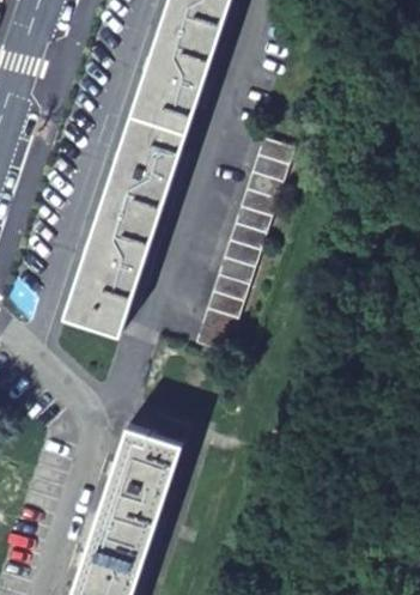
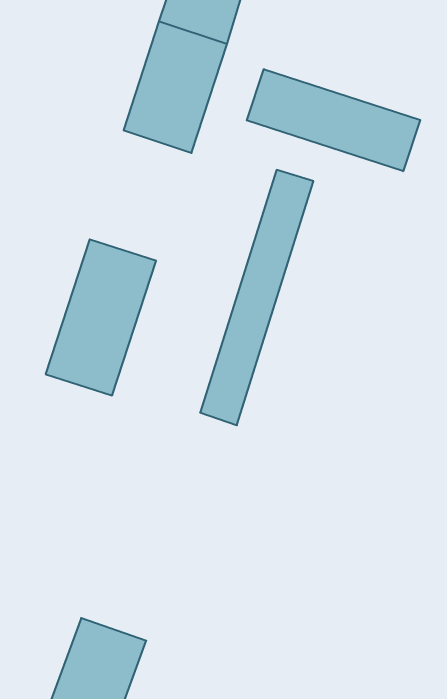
building: none -> [247,69,420,171]
building: [102,111,188,221] -> none
building: [95,425,187,542] -> none

